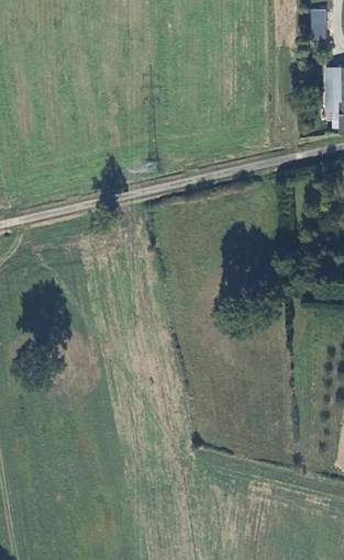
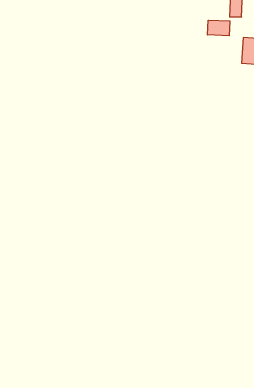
building: none -> [208,20,230,36]

